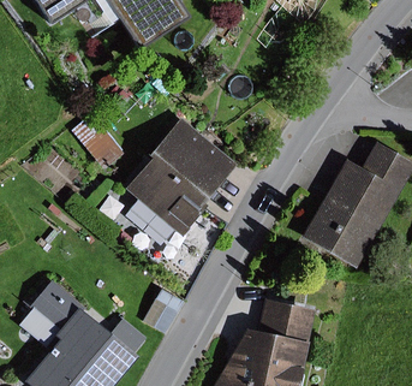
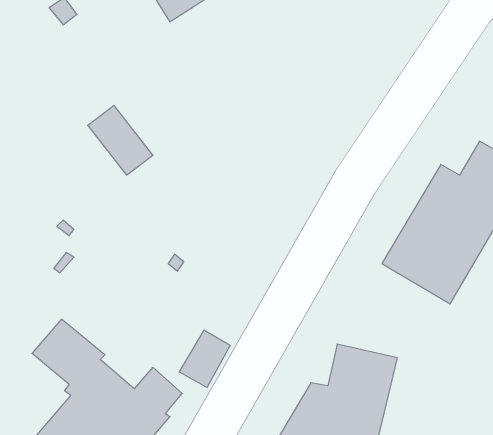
building: [126,117,234,239] -> none

